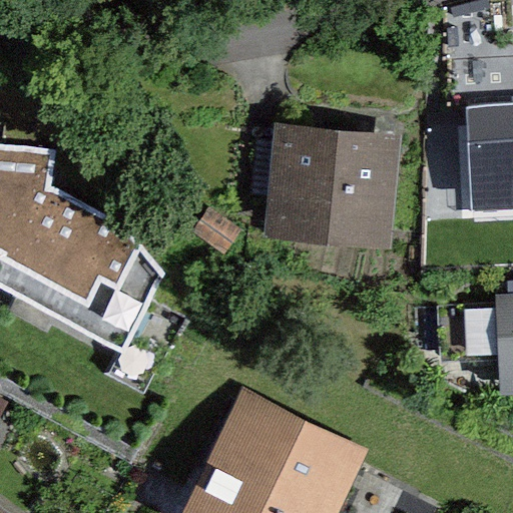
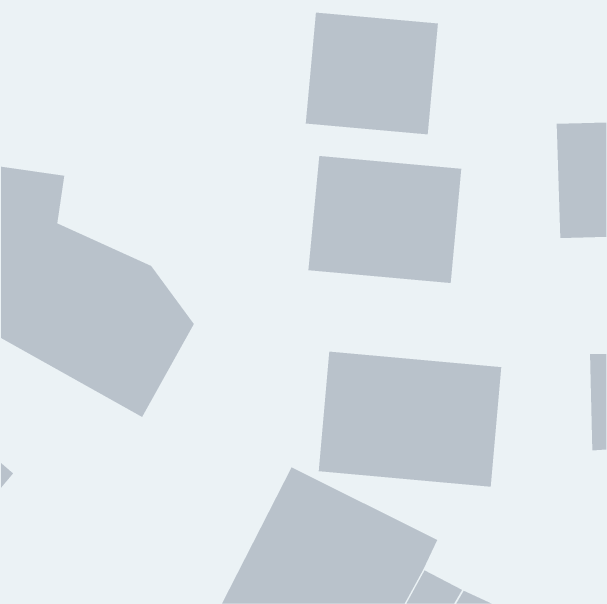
building: none -> [305,12,438,135]
building: none -> [318,351,502,488]

